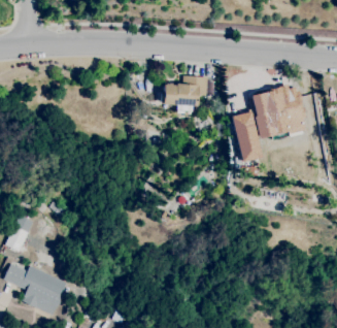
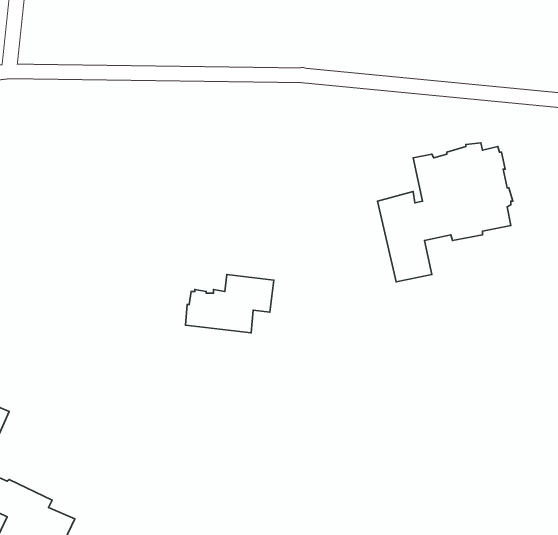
building: [161,74,209,106] -> [185,275,274,333]

